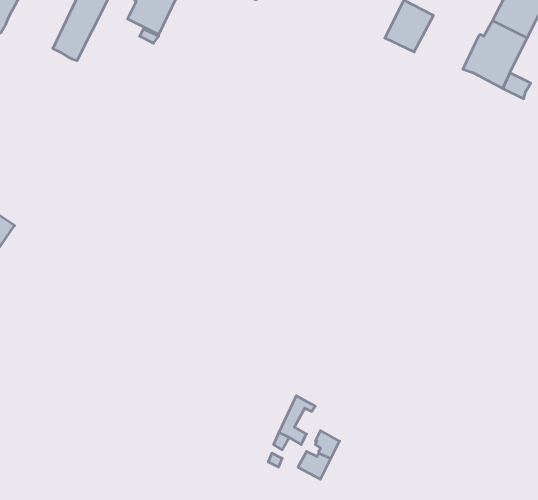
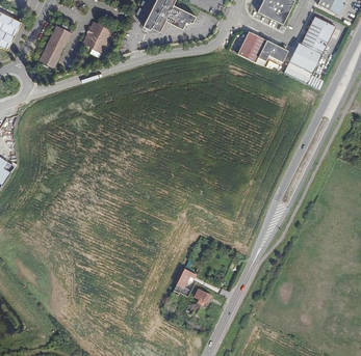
building: none -> [254,40,287,66]

